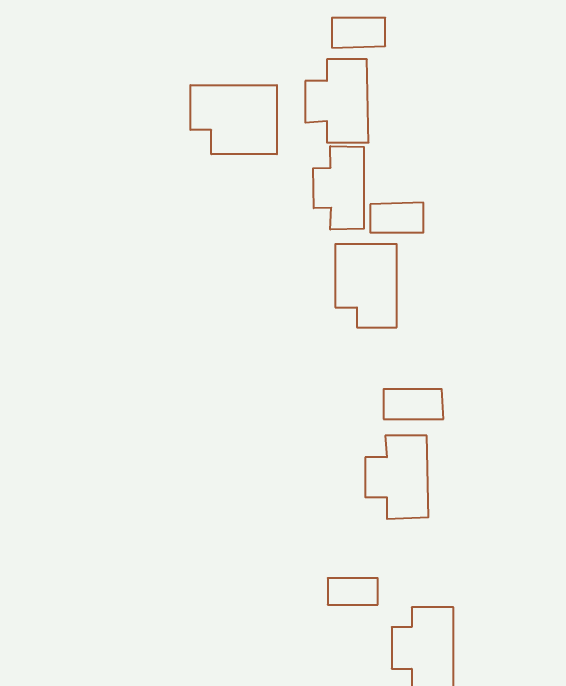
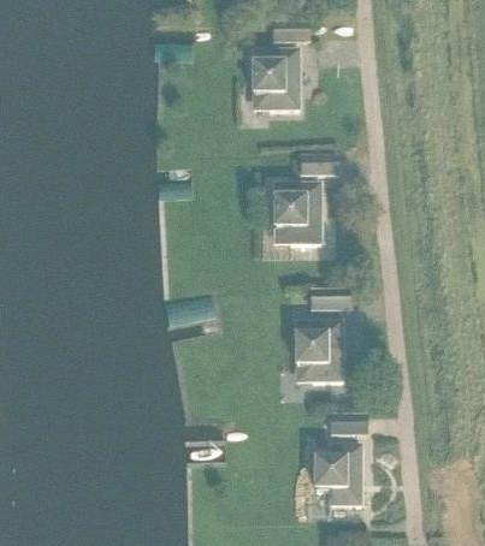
building: [190,85,277,154] -> none
building: [313,146,364,230] -> none
building: [328,578,378,605] -> [330,417,366,437]

